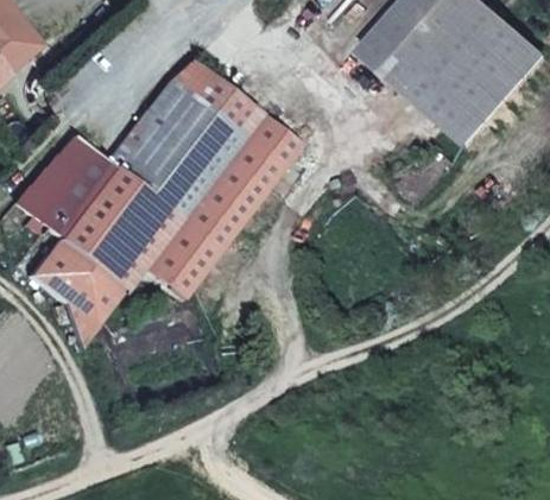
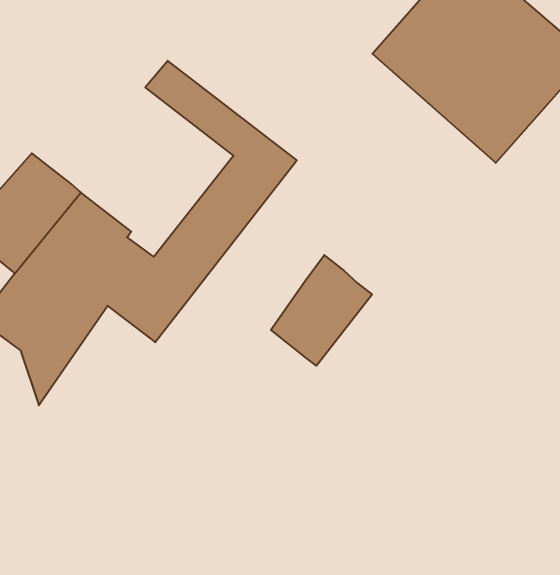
building: [106,81,244,224] -> none
building: none -> [271,255,372,366]

